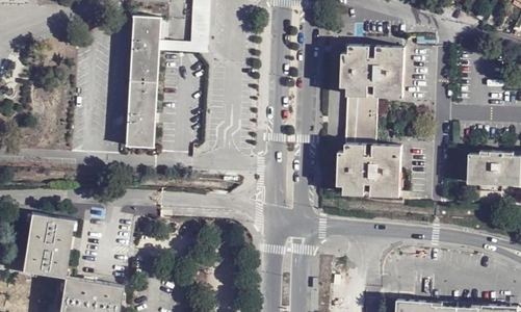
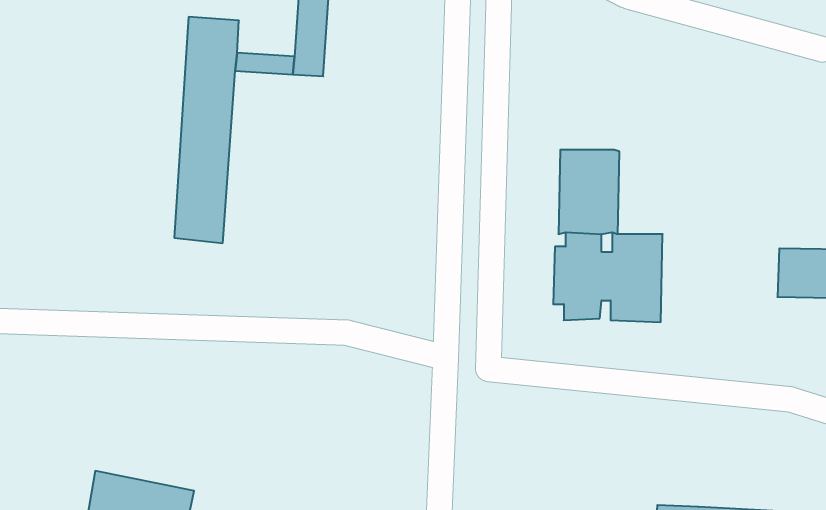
building: [340,45,403,96] -> none
building: [30,216,84,281] -> none

